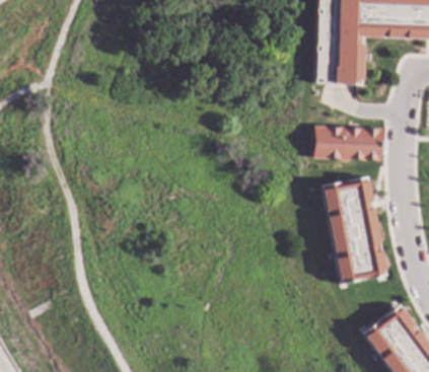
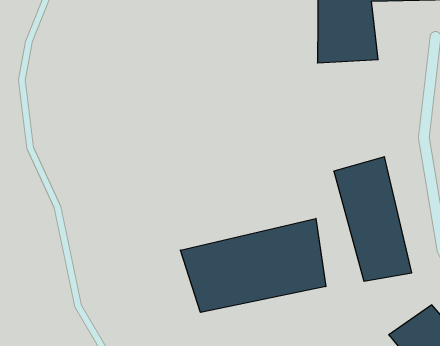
building: [315,125,386,159] -> none
building: none -> [180,218,326,312]

